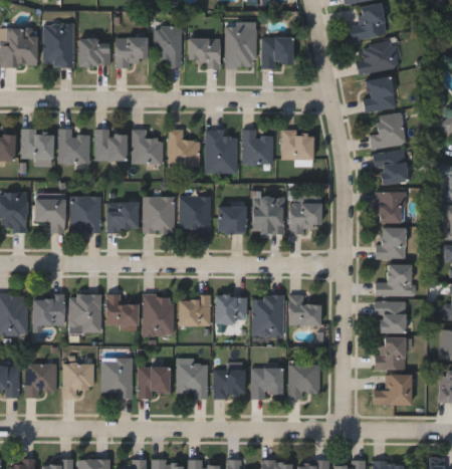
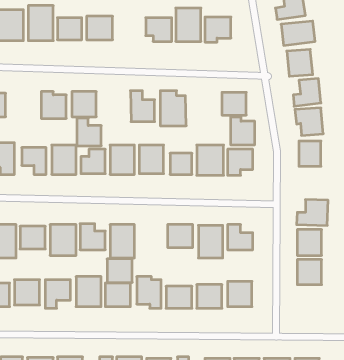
building: [155,27,182,68] -> none
building: [22,130,52,167] -> none
building: [133,130,163,164] -> [77,118,101,146]
building: [243,130,273,164] -> [231,117,255,145]
building: [378,228,405,258] -> none
building: [179,297,210,326] -> [107,259,132,282]
building: [374,376,411,407] -> none

